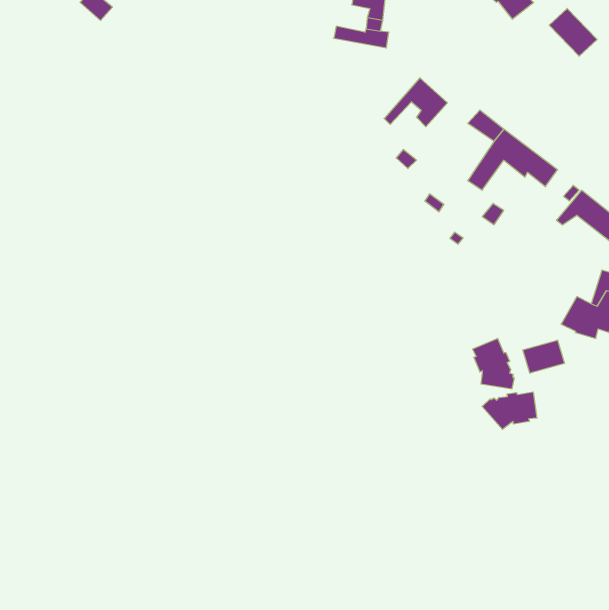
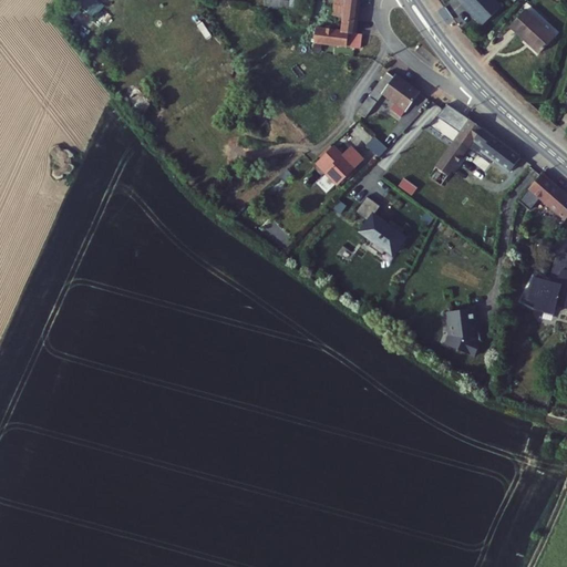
building: none -> [323,151,362,185]
building: none -> [352,198,402,257]
building: [523,340,564,373] -> none
building: [482,392,537,429] -> none

